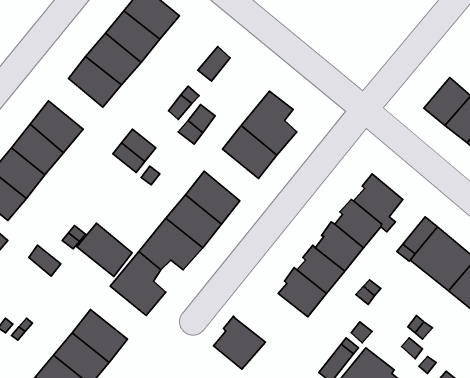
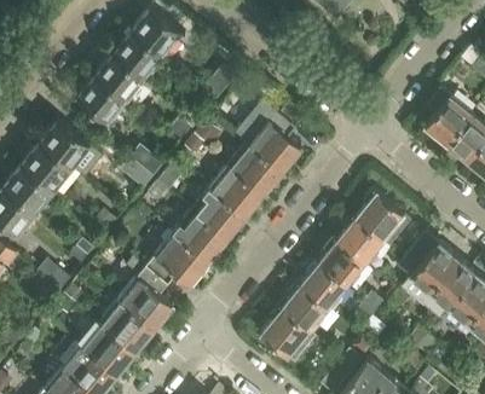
building: none -> [209,167,262,218]
building: [77,223,132,276] -> [98,301,152,353]
building: [214,316,265,369] -> [260,306,311,358]

